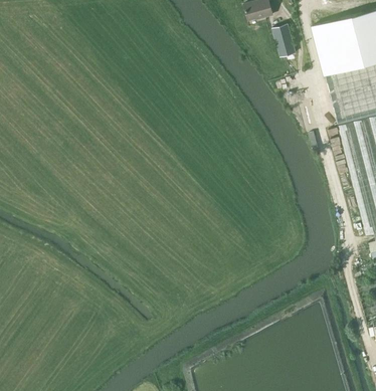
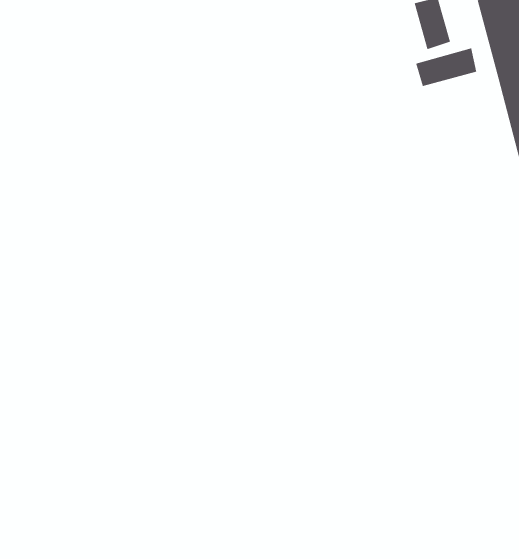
building: none -> [416,48,477,87]

